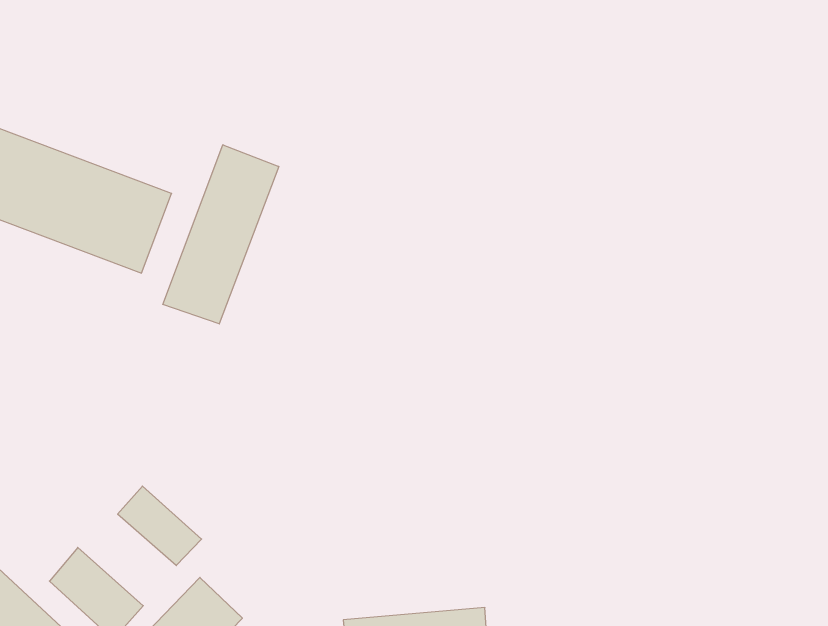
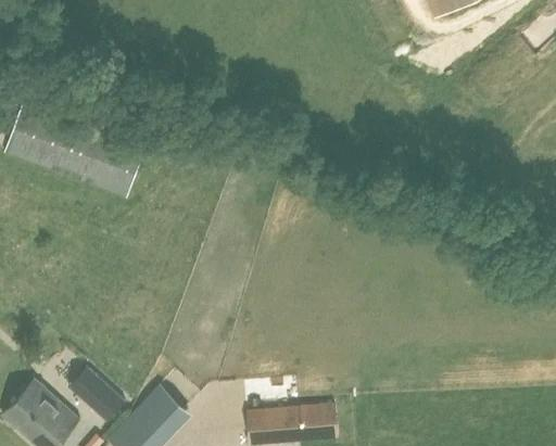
building: [163,145,279,324] -> none
building: [118,486,202,566] -> none

